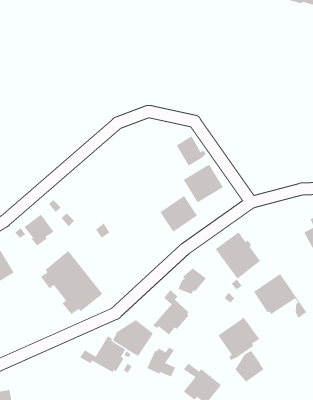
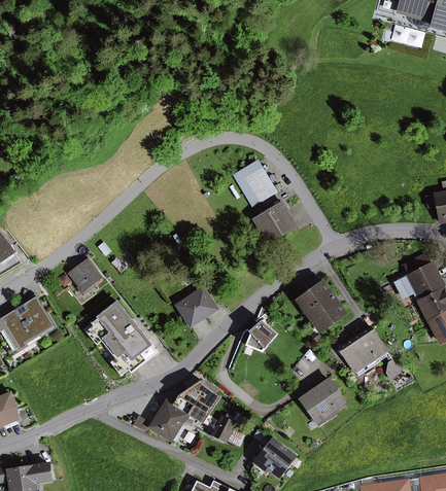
building: [160,195,198,232] -> [177,285,221,328]
building: [153,289,189,336] -> none
building: [235,350,264,382] -> none

